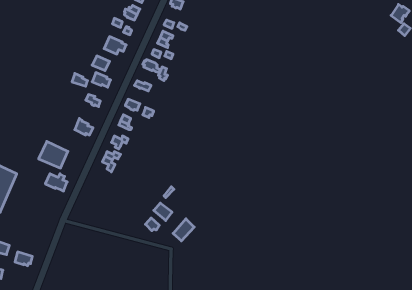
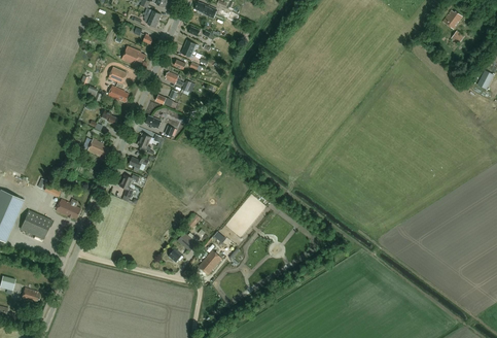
building: [39,141,68,168] -> [20,209,52,239]

